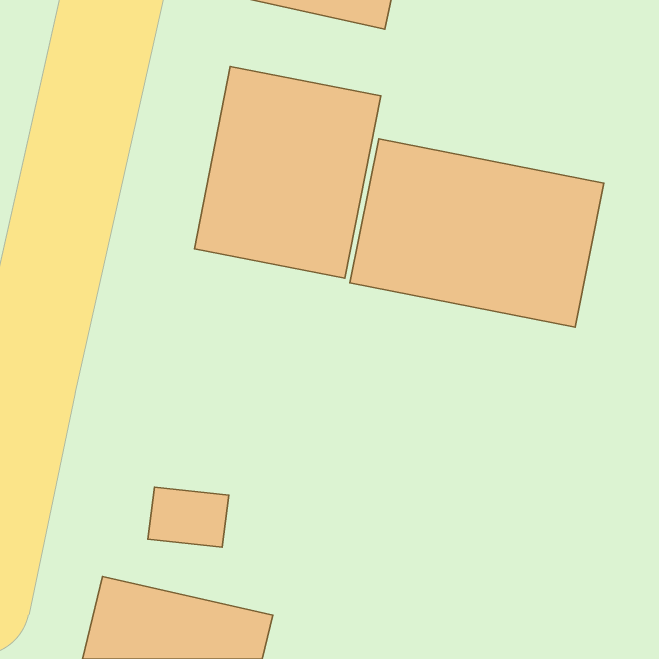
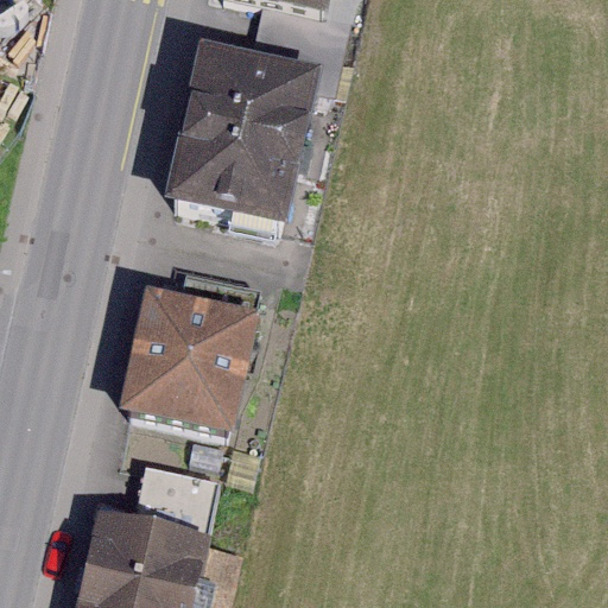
building: [350,139,604,327] -> none
building: none -> [127,294,268,448]

